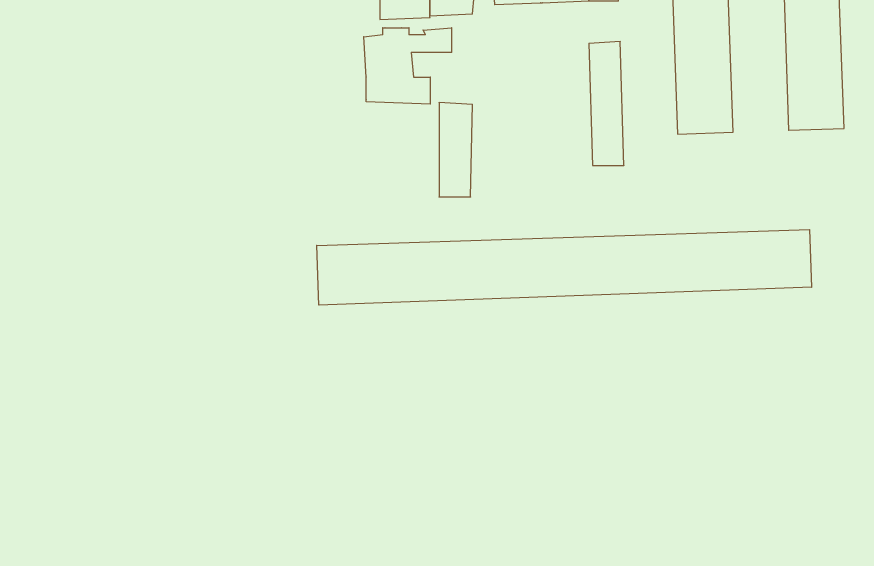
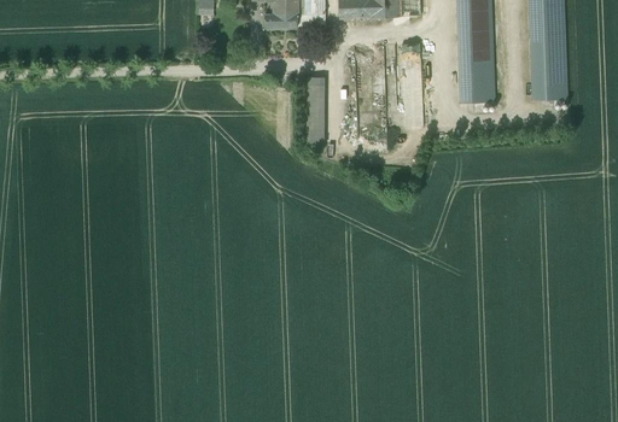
building: [364,28,452,104] -> none
building: [317,230,812,305] -> none

